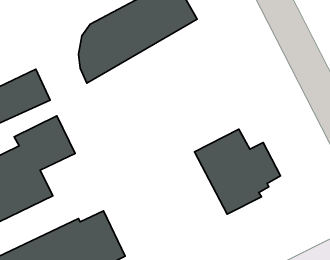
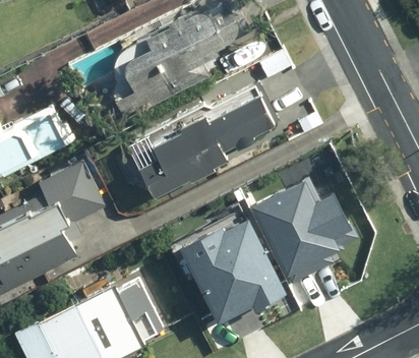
building: none -> [120,76,277,200]
building: none -> [181,214,290,317]

